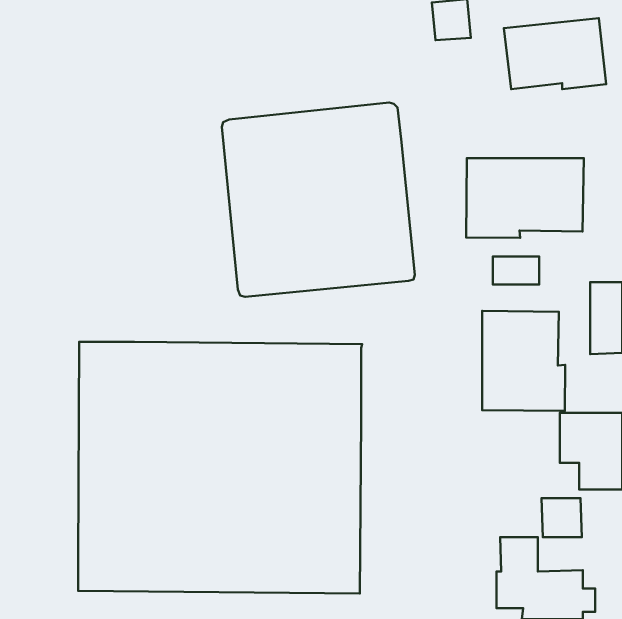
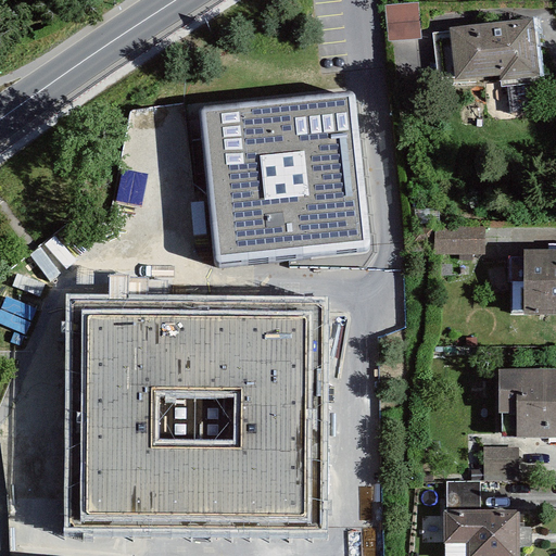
building: [466,158,584,238] -> none
building: [482,311,565,411] -> none

